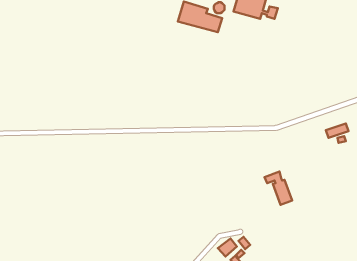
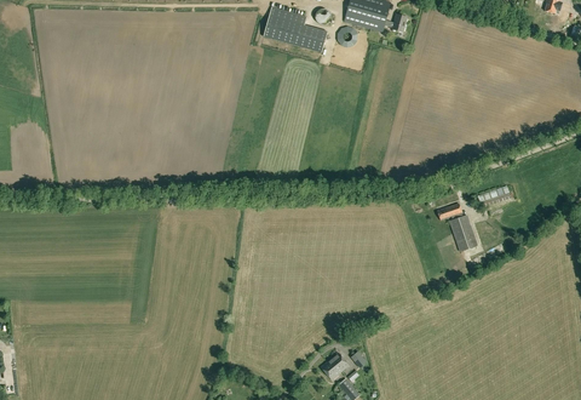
building: [265,171,292,205] -> [437,202,477,251]

